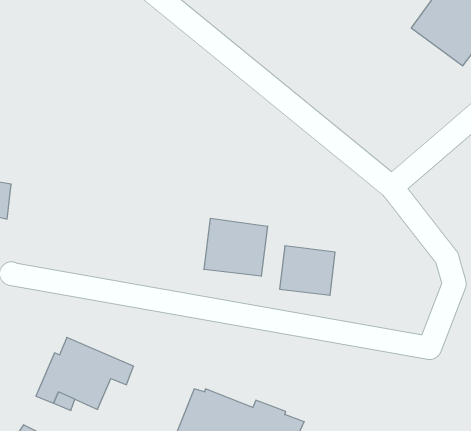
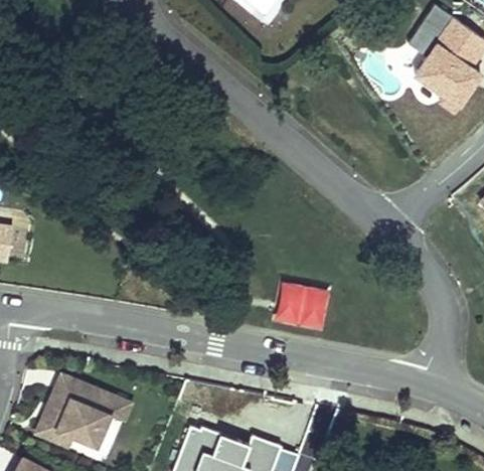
building: [204,218,268,276] -> none

